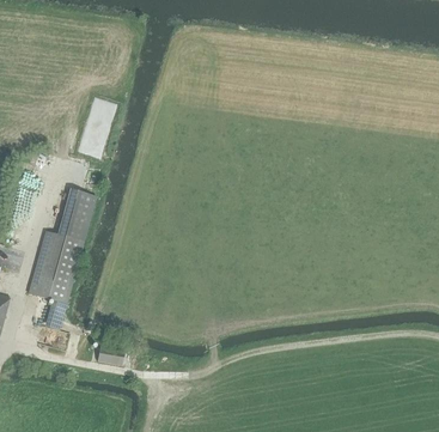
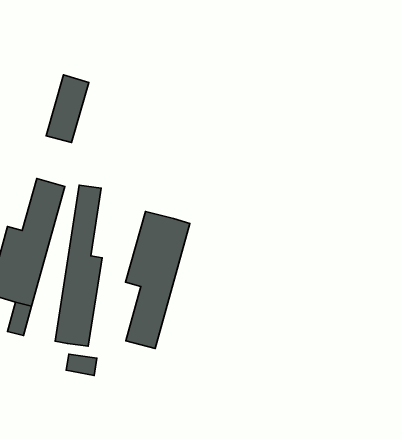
building: none -> [55,185,102,346]
building: none -> [126,211,190,349]

